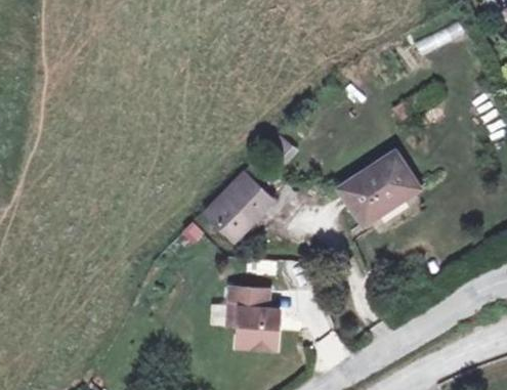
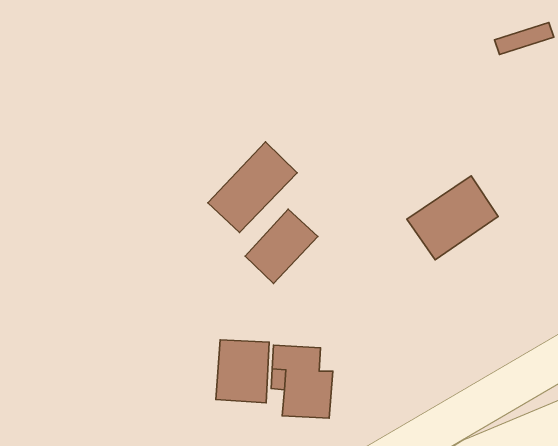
building: none -> [208,142,297,232]
building: none -> [216,340,269,403]

